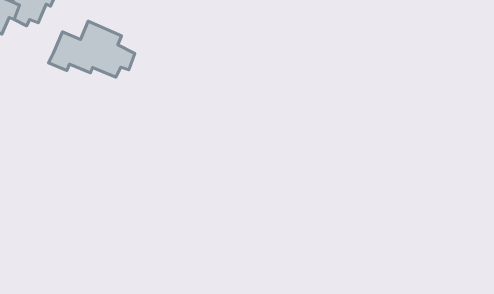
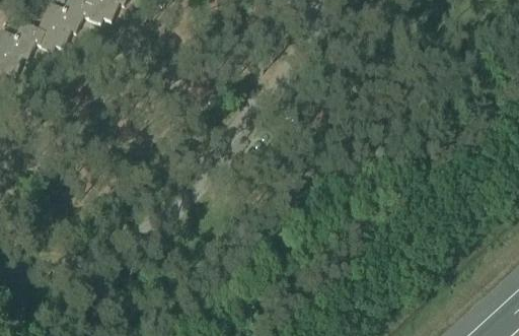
building: [49,21,135,77] -> none

